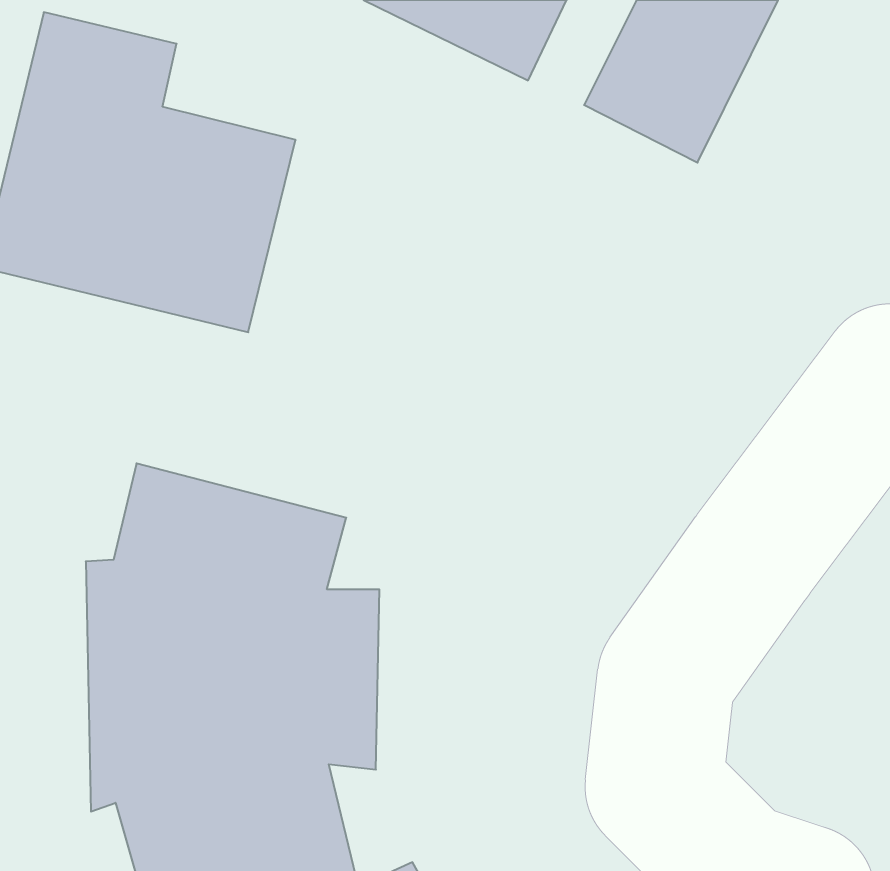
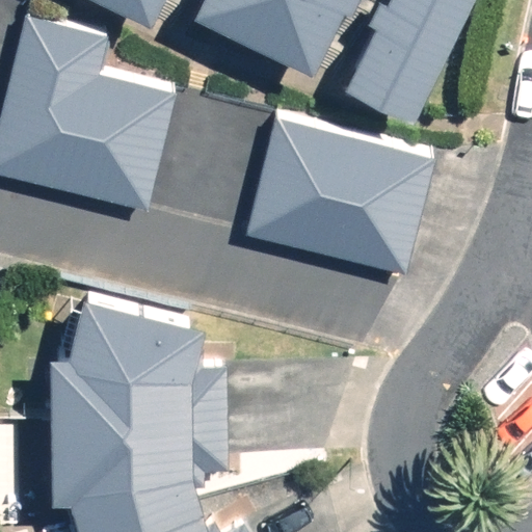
building: none -> [247,118,434,274]

